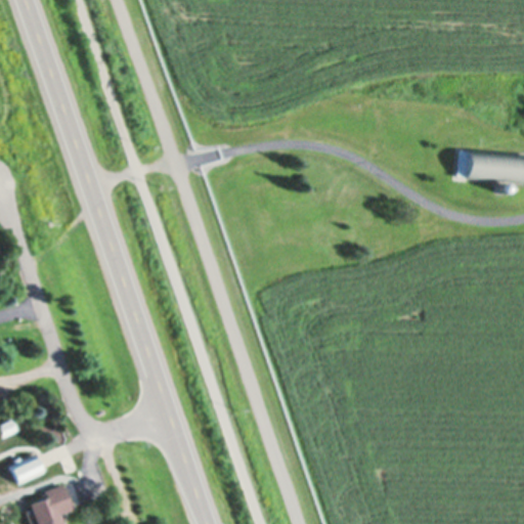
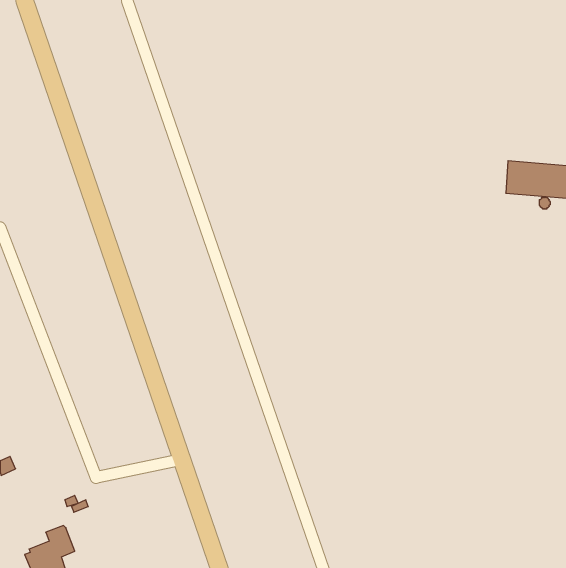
building: [12,455,45,484] -> none

